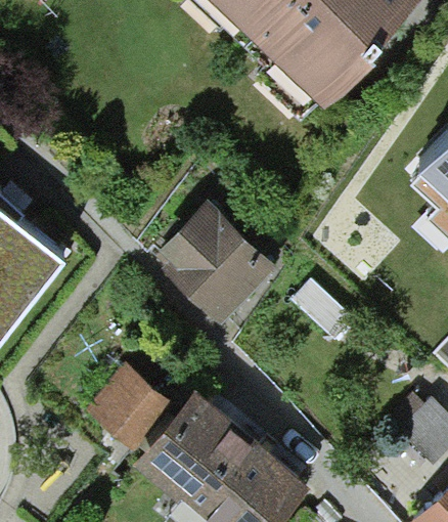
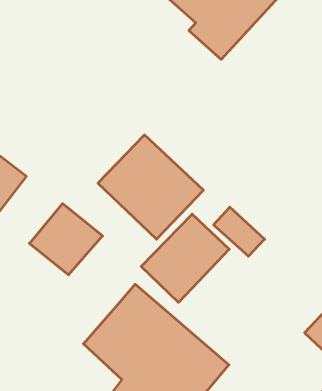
building: none -> [141,214,229,302]
building: [88,363,176,449] -> [29,204,103,275]

